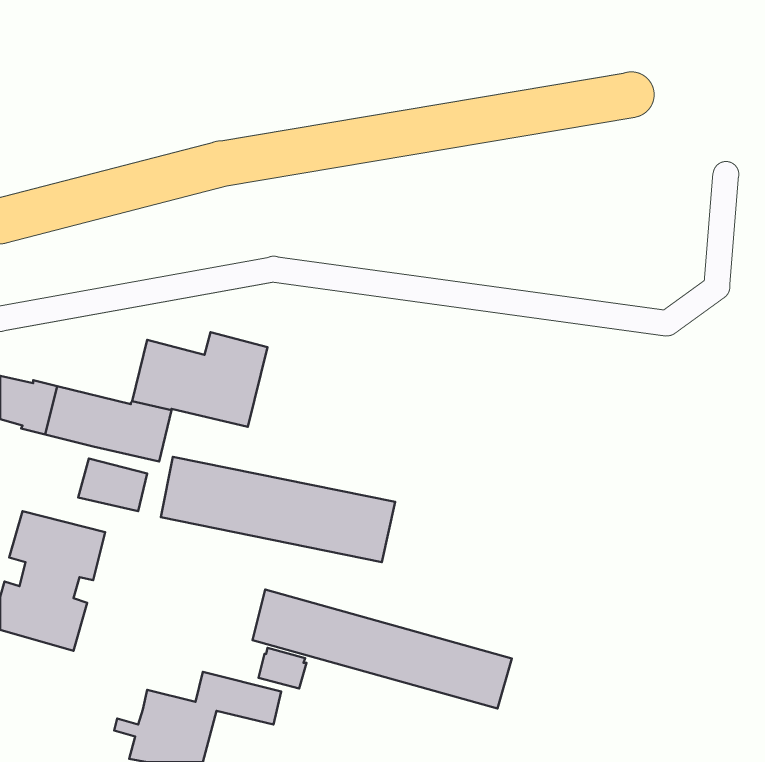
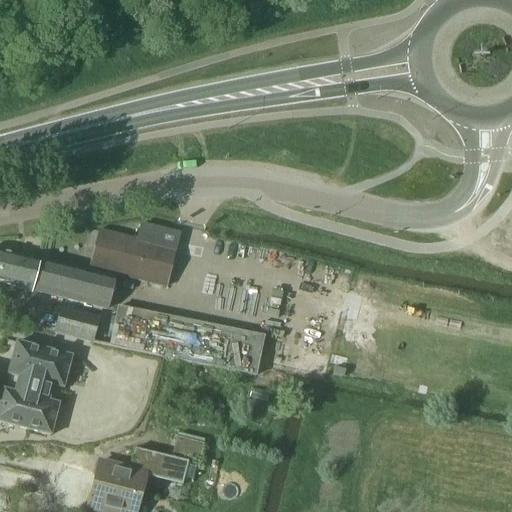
building: [252,589,512,709] -> none

